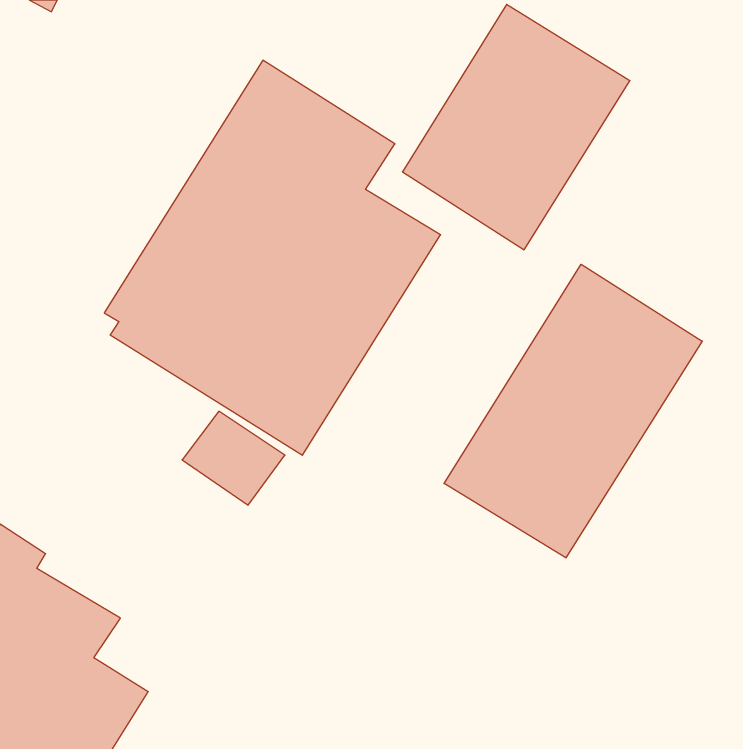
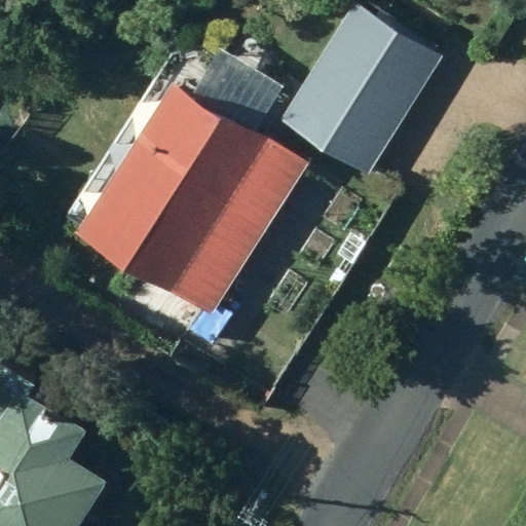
building: [444,264,702,558] -> none

